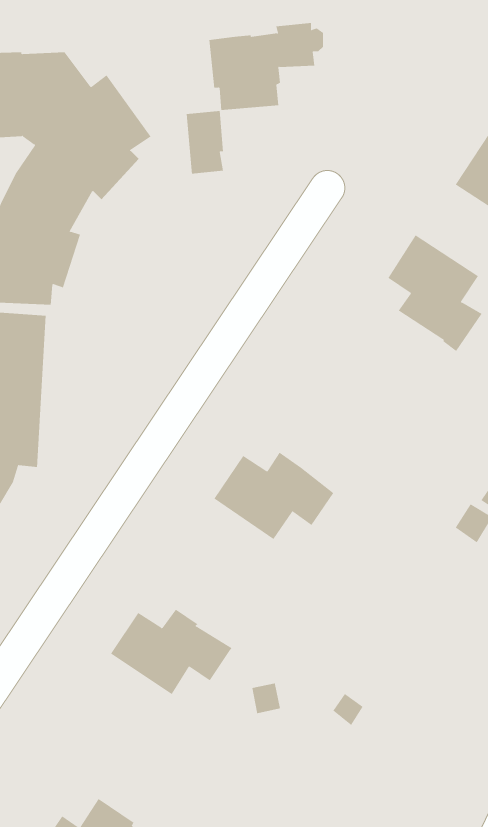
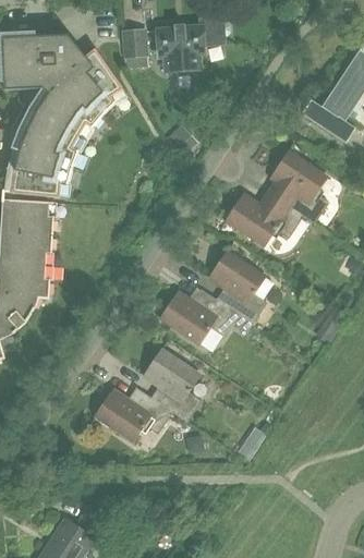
building: [186,111,224,174] -> [120,28,144,69]
building: none -> [223,191,304,245]
building: none -> [208,250,266,324]
building: none -> [143,350,201,423]

